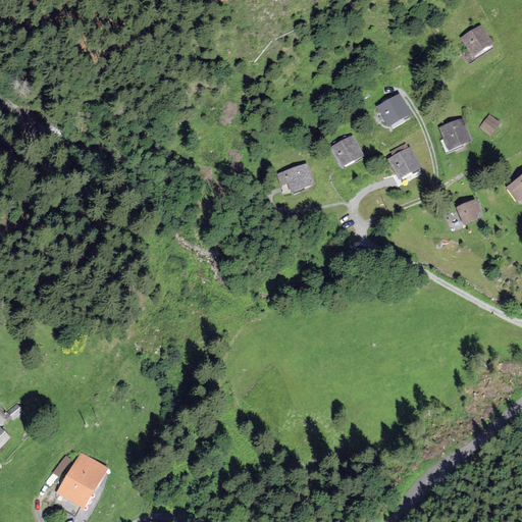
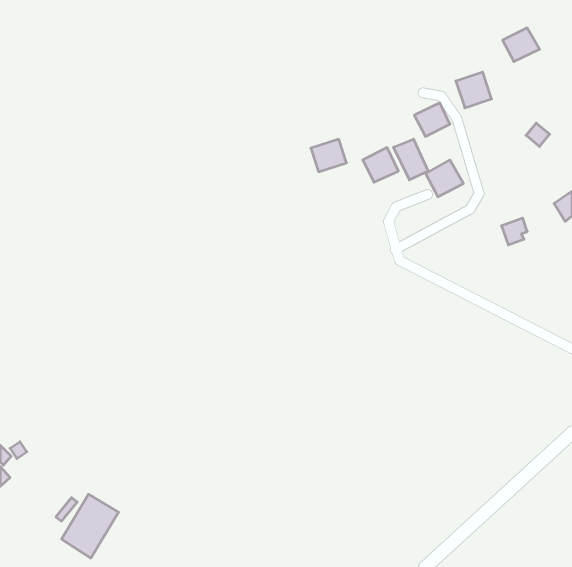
building: [438,116,471,149] -> [456,72,492,108]
building: none -> [394,139,428,180]
building: [280,163,313,193] -> [311,139,347,172]

